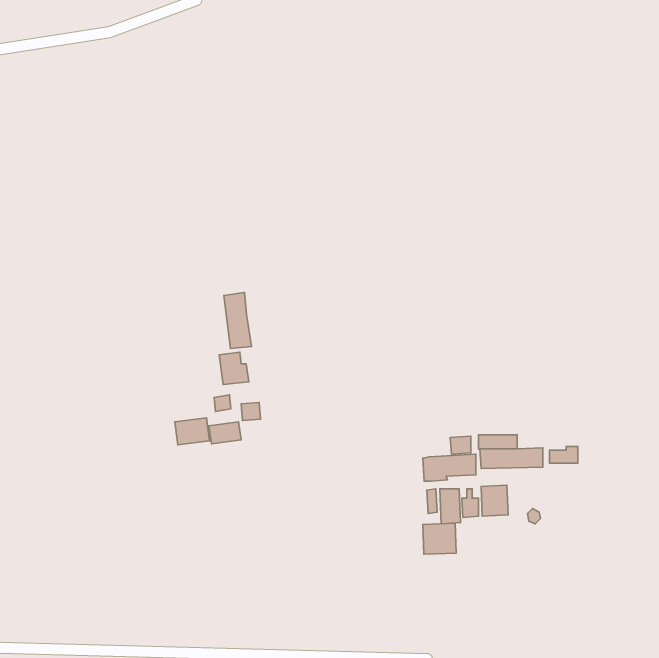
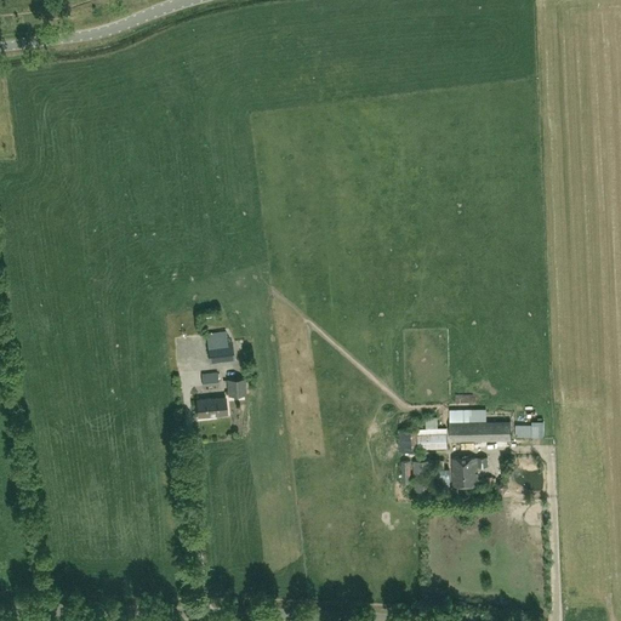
building: [224,292,251,349] -> none
building: [175,418,209,445] -> none
building: [423,523,456,554] -> none

